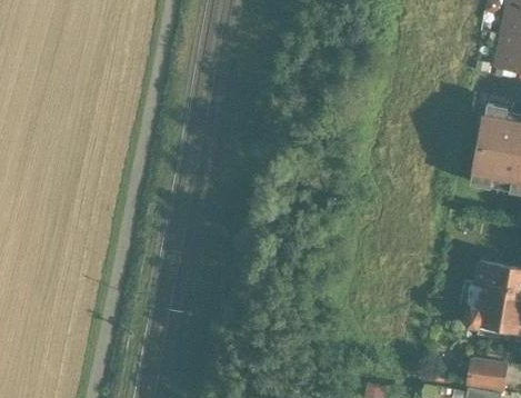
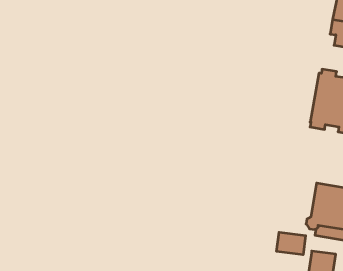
building: none -> [277,232,306,255]

